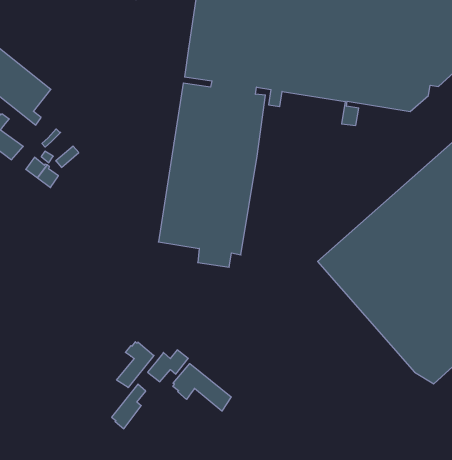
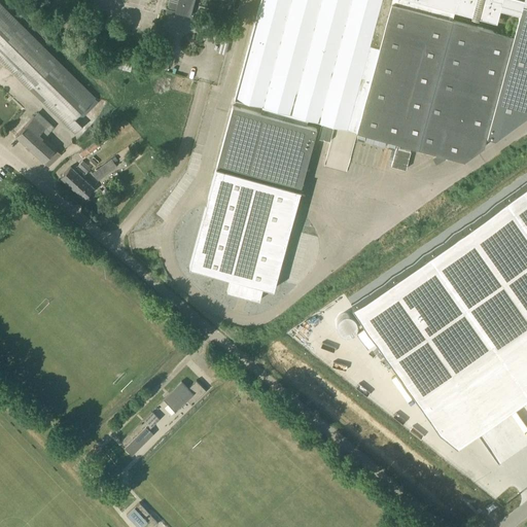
building: [117,342,154,388] -> none
building: [173,364,231,411] -> none

